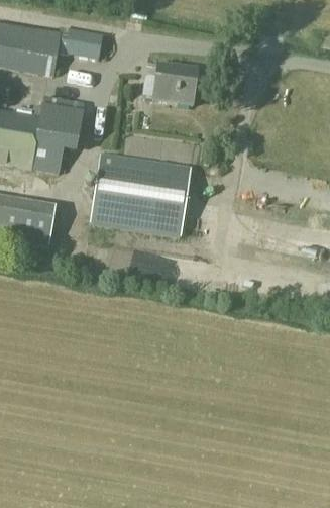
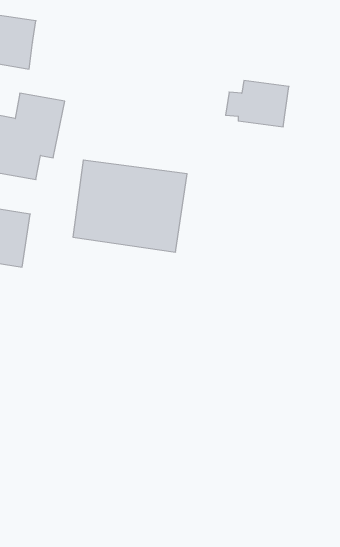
building: [57,24,103,58] -> none
building: [141,64,197,104] -> [226,81,289,127]

